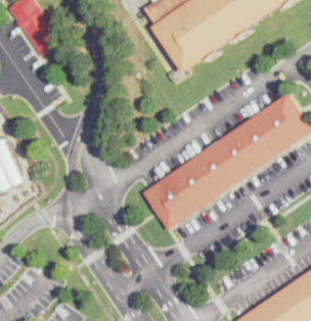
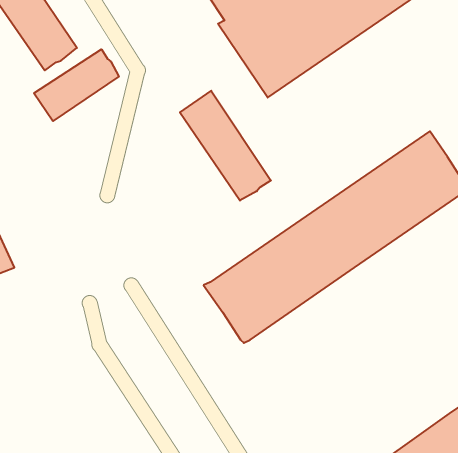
building: none -> [34,49,119,121]
building: none -> [180,91,271,201]

